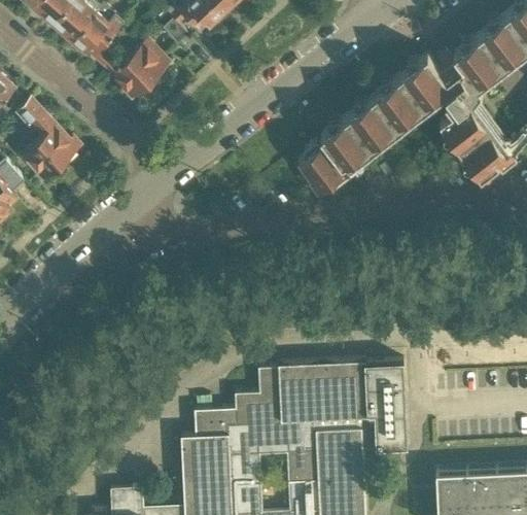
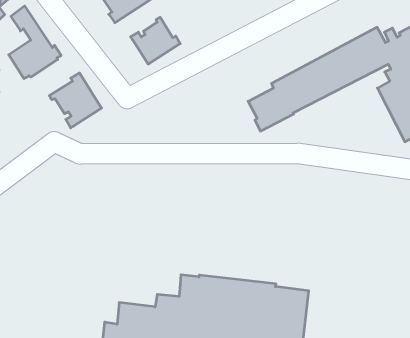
building: none -> [131,17,180,64]
building: none -> [49,73,102,128]

